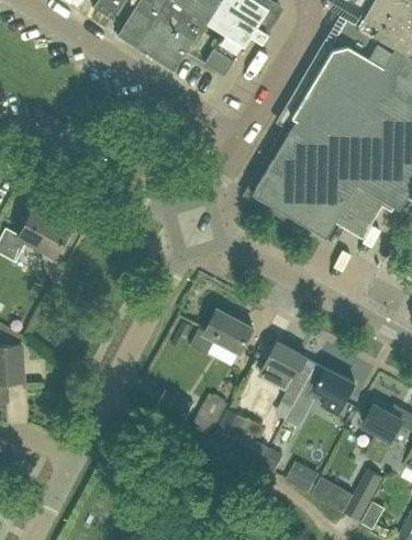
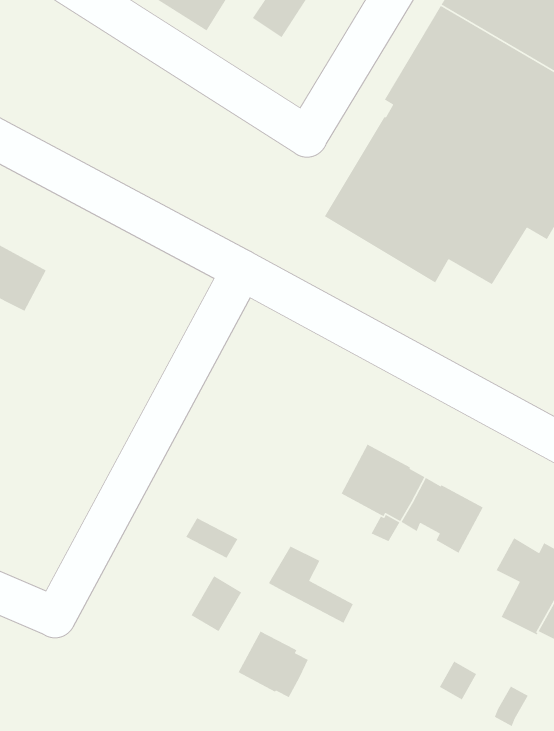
building: [192,310,255,355] -> none
building: [192,394,226,431] -> [190,575,242,632]
building: [286,461,320,493] -> none
building: none -> [238,630,309,698]
building: [344,470,383,521] -> none

